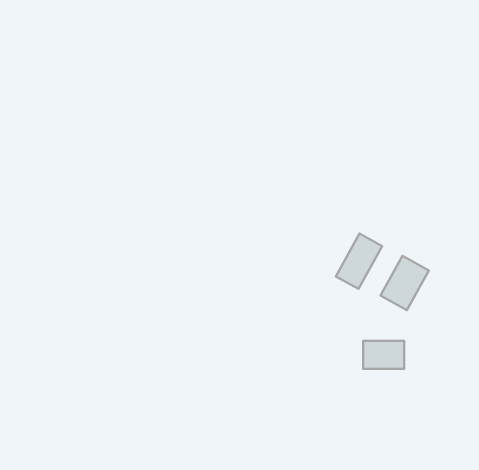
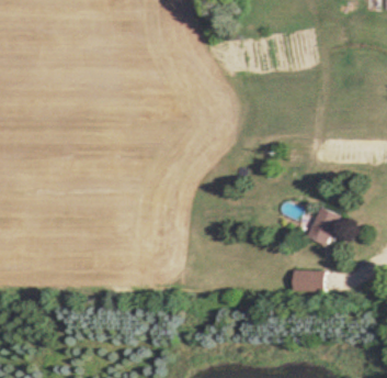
building: [336,234,382,289] -> none

